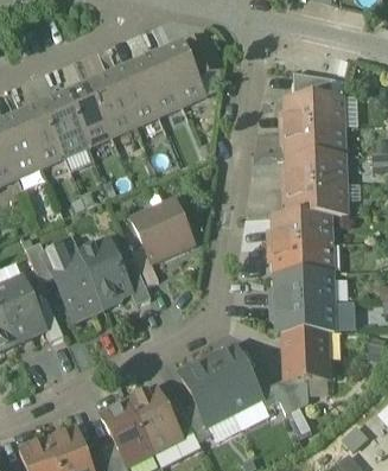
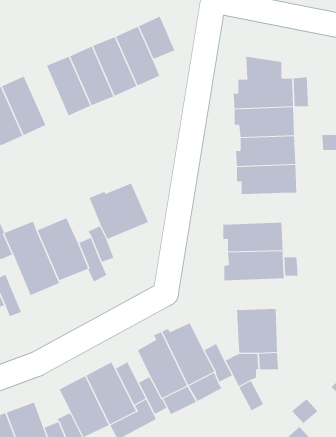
building: [65,82,110,144] -> none
building: [268,214,331,246] -> none
building: [271,301,335,333] -> none

